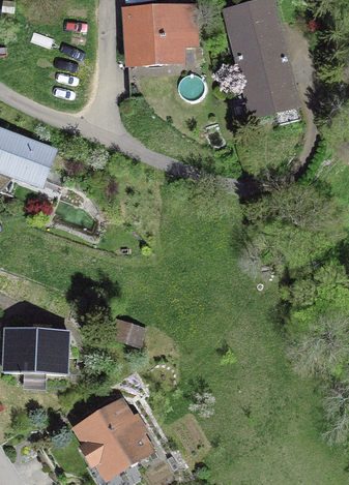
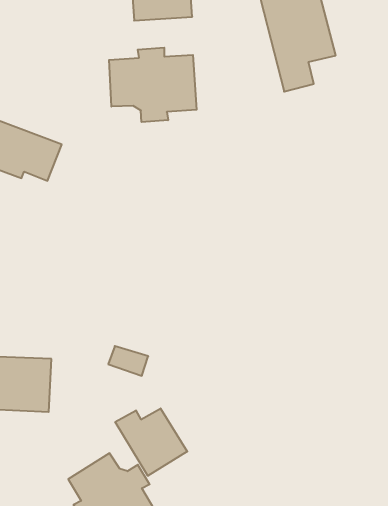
building: none -> [109,48,197,122]
building: none -> [115,408,187,476]

